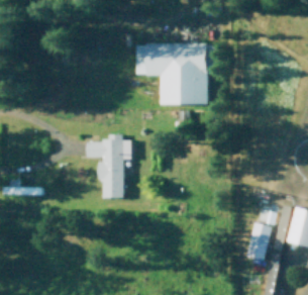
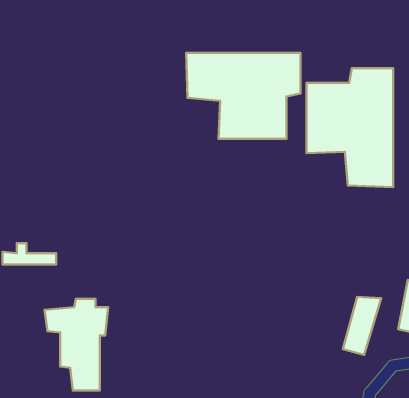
building: none -> [306,68,393,187]
building: [86,133,131,199] -> [45,299,108,390]

